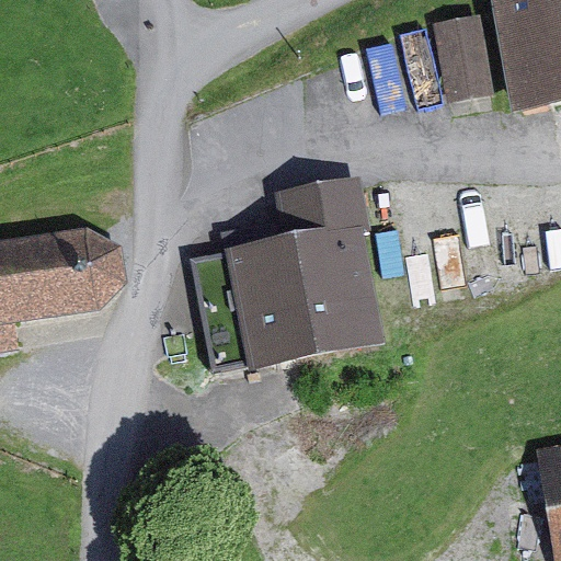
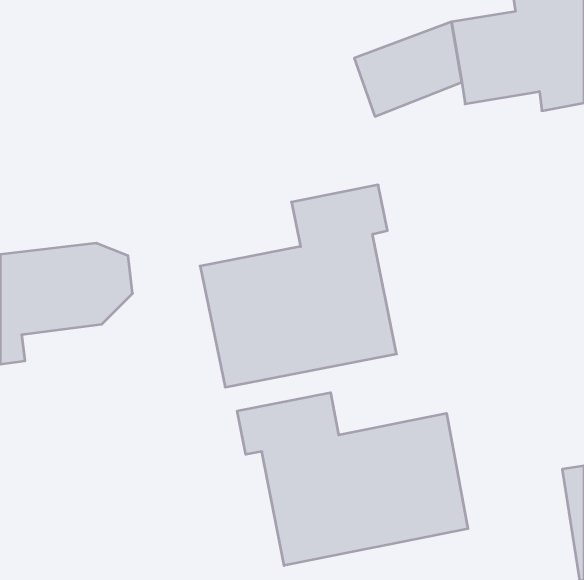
building: none -> [237,393,468,566]

